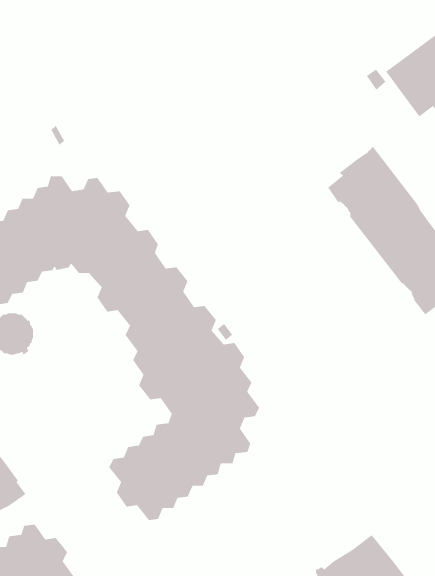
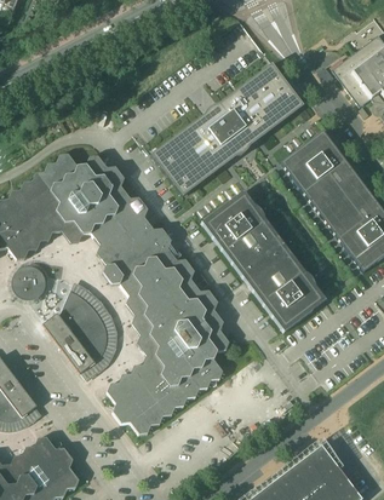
building: none -> [150,63,299,192]
building: none -> [201,194,322,332]
building: none -> [42,283,114,379]

